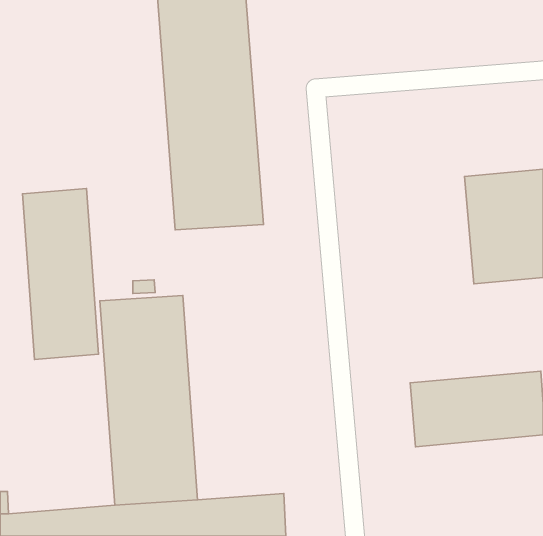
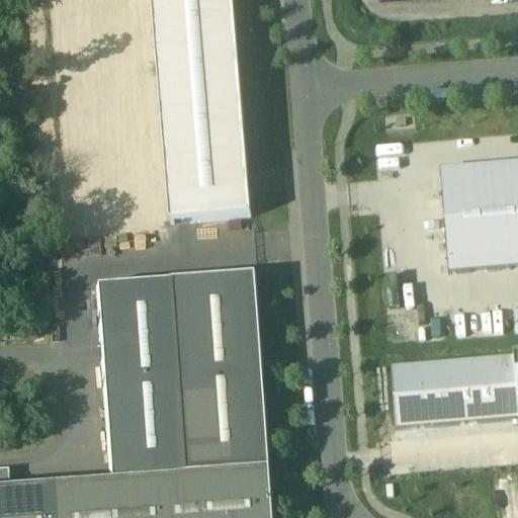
building: [22,189,99,359] -> none
building: none -> [174,275,270,476]

